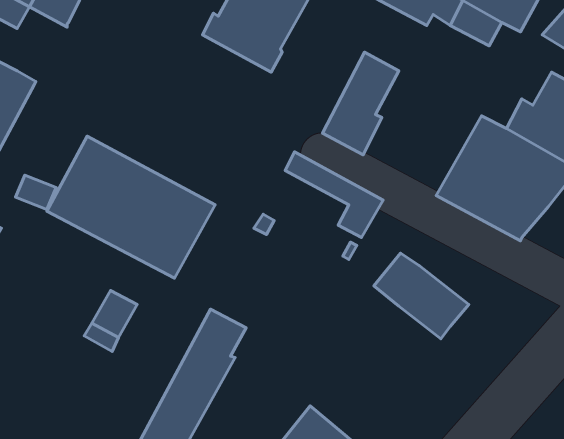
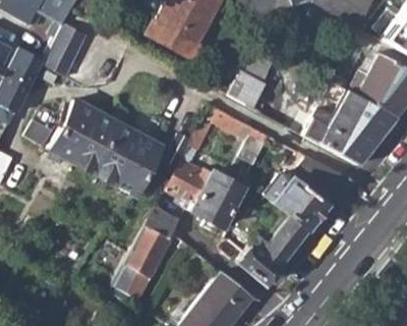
building: none -> [41,22,88,76]
building: none -> [292,160,346,207]
building: none -> [166,161,241,225]
building: none -> [238,208,306,282]

